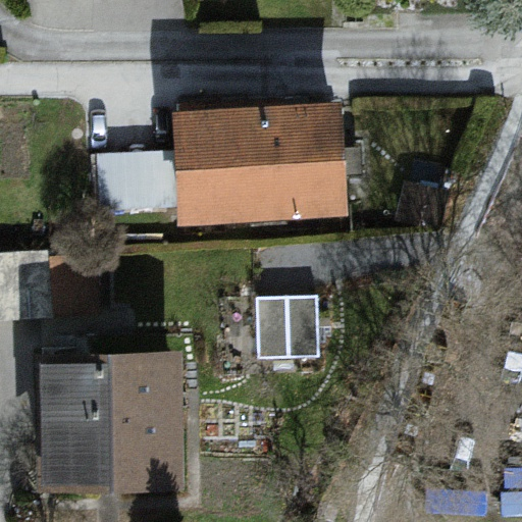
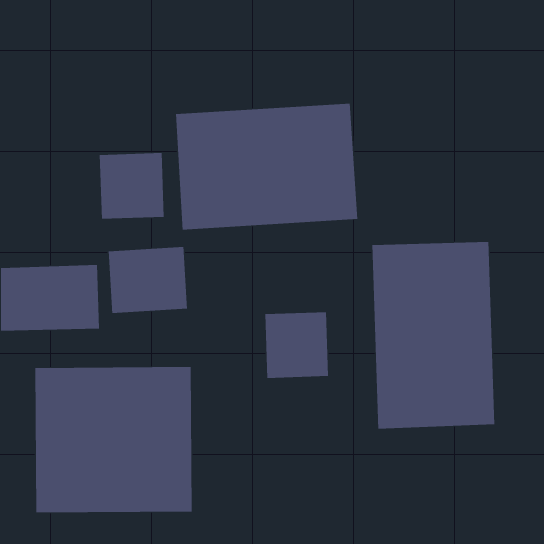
building: none -> [372,241,495,429]
building: none -> [108,246,188,314]

